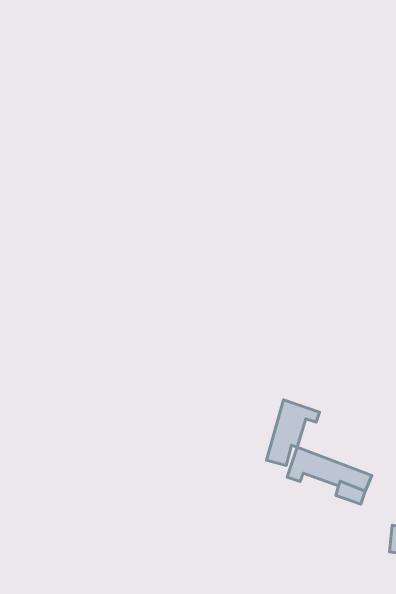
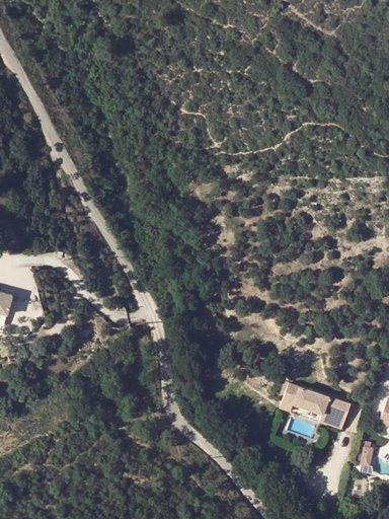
building: [266,400,320,466] -> none

